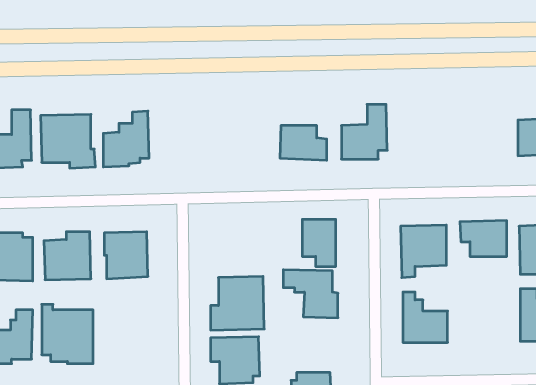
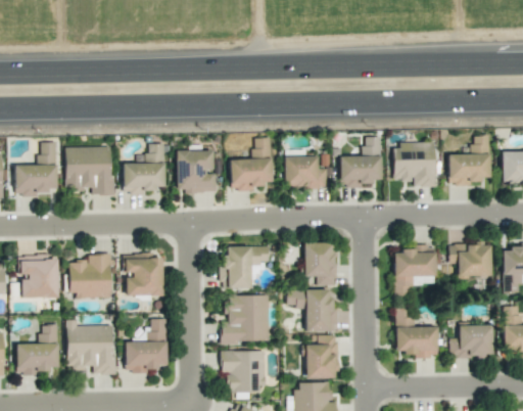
building: none -> [449,135,491,185]
building: none -> [231,137,273,190]
building: none -> [394,143,437,187]
building: none -> [177,150,218,193]
building: none -> [223,246,270,288]
building: none -> [126,319,169,373]
building: none -> [450,325,493,358]
building: none -> [306,334,339,378]

